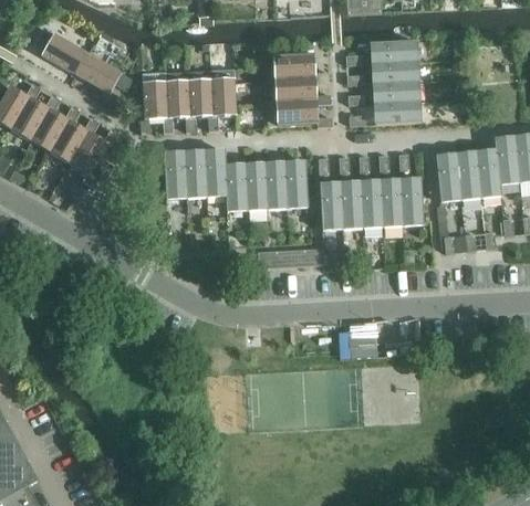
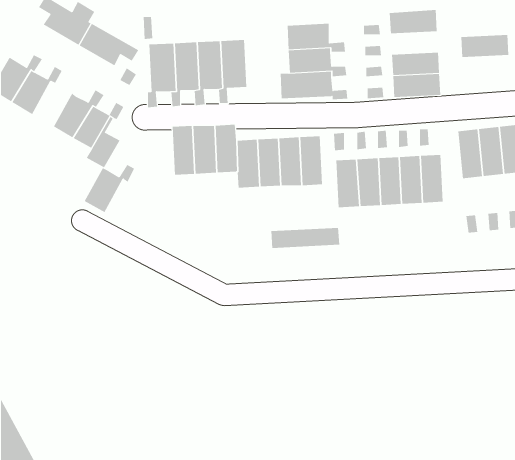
building: [372,61,418,83] -> [460,34,509,58]
building: [31,105,80,151] -> [84,164,135,213]

